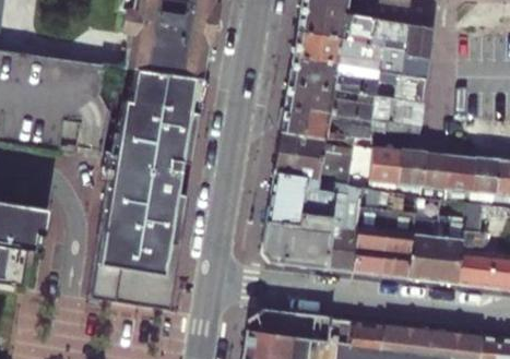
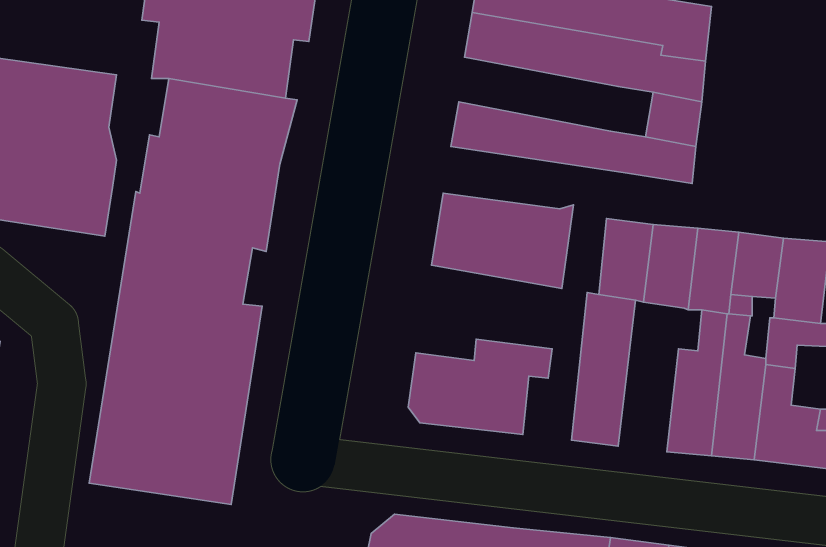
building: [298,56,388,97] -> none
building: [289,106,395,141] -> none
building: [274,172,370,271] -> none
building: [388,192,425,277] -> none

